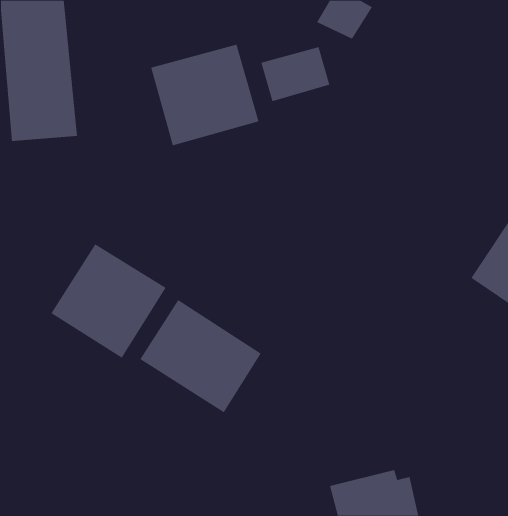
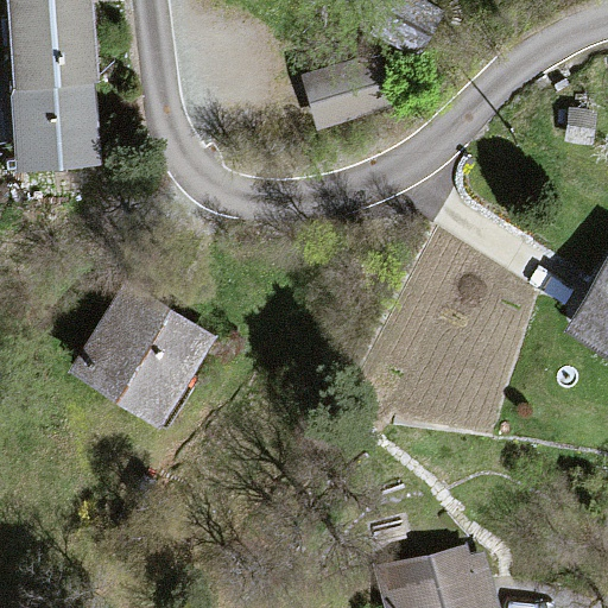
building: [151,44,259,146] -> none
building: [139,299,262,413] -> none

